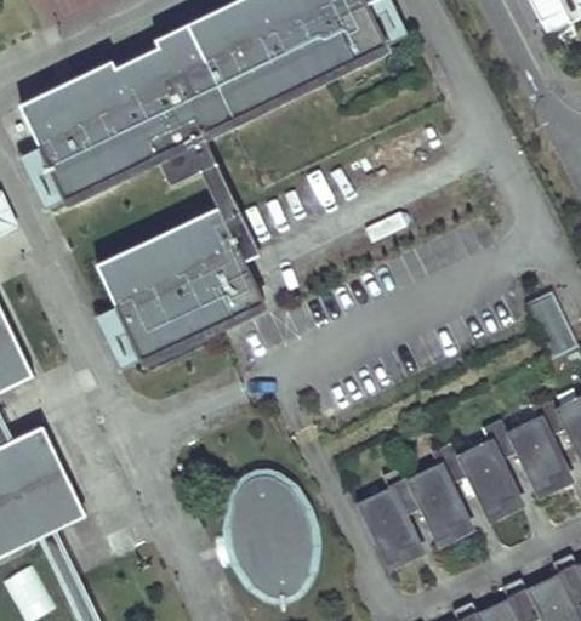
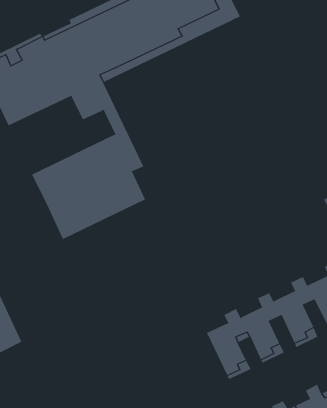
building: [229,474,314,597] -> none

